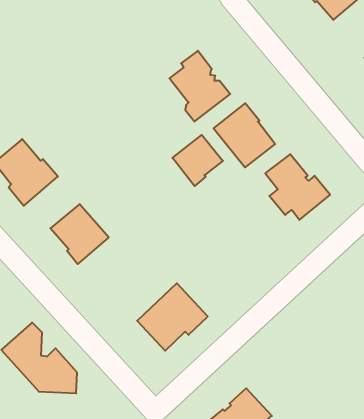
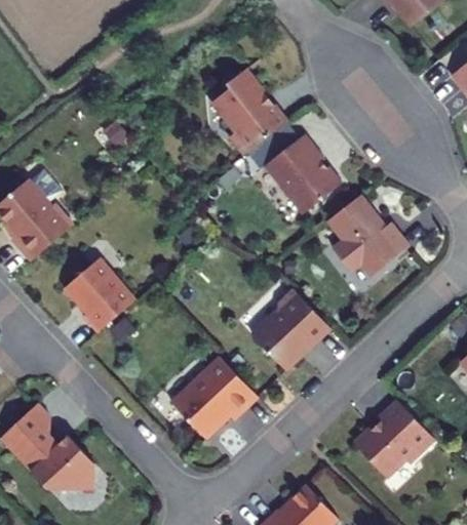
building: [172,135,223,186] -> none
building: none -> [250,289,329,370]
building: none -> [353,400,426,475]

